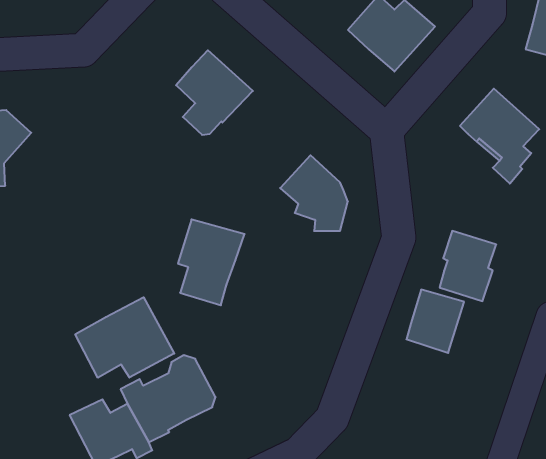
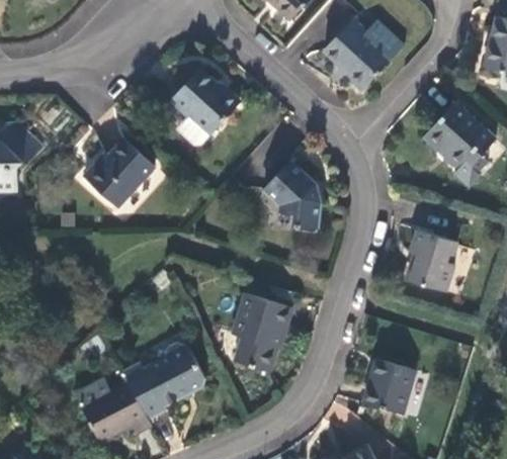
building: none -> [83,141,155,208]
building: [178,219,245,305] -> [234,294,293,371]
building: [406,290,464,353] -> [363,359,415,416]
building: [75,297,174,378] -> none

